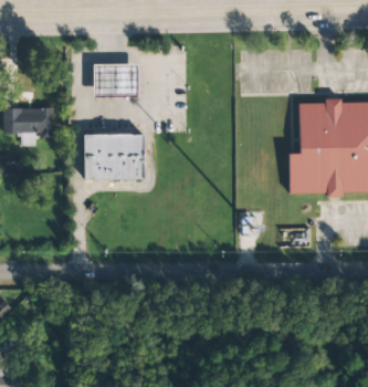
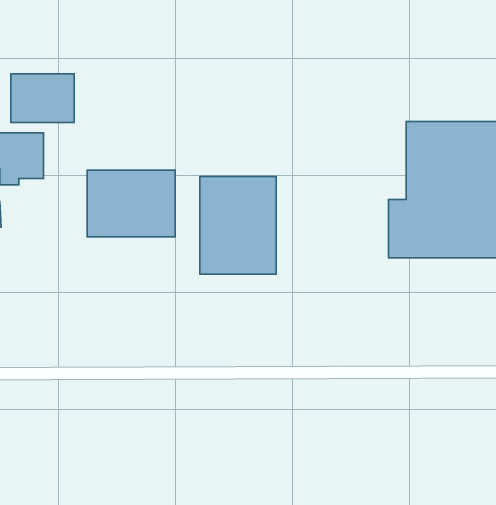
building: [92,63,135,96] -> [11,74,74,122]
building: none -> [200,176,276,274]

